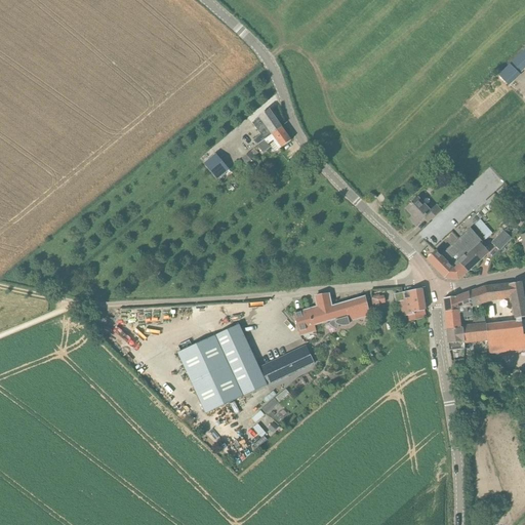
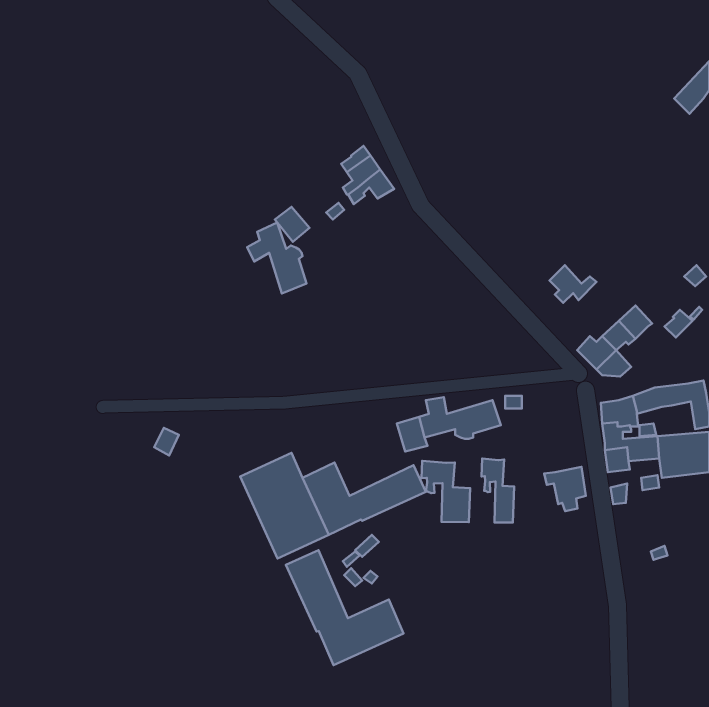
building: none -> [247,222,307,293]
building: [455,241,489,271] -> none
building: [394,287,425,320] -> [544,467,586,511]
building: [215,323,247,353] -> none
building: none -> [481,458,514,523]
building: none -> [422,461,470,522]
building: none -> [286,550,403,665]

